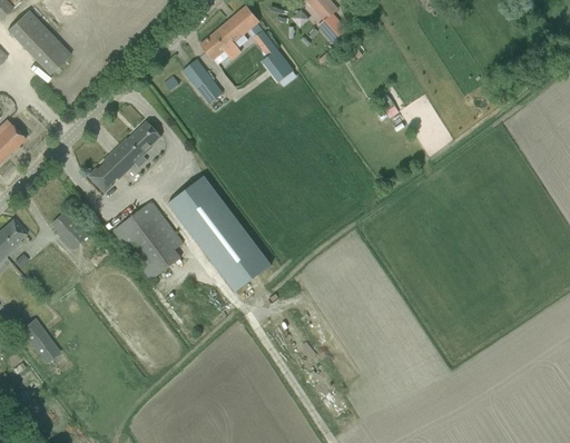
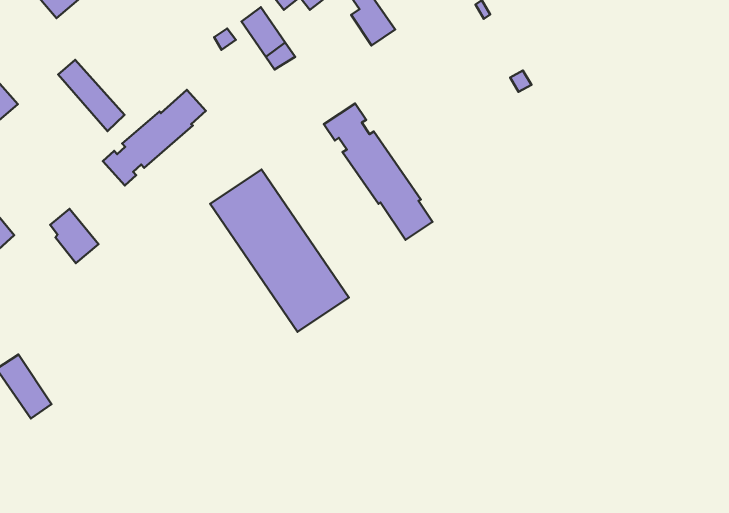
building: none -> [58,60,125,131]
building: none -> [324,103,433,240]
building: [112,201,184,279] -> none

